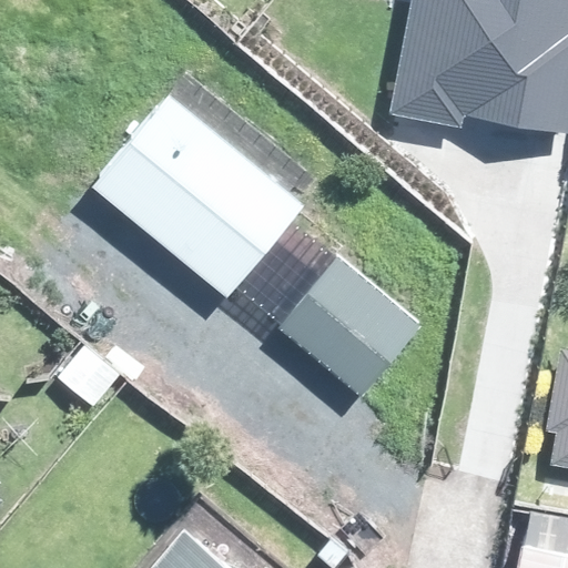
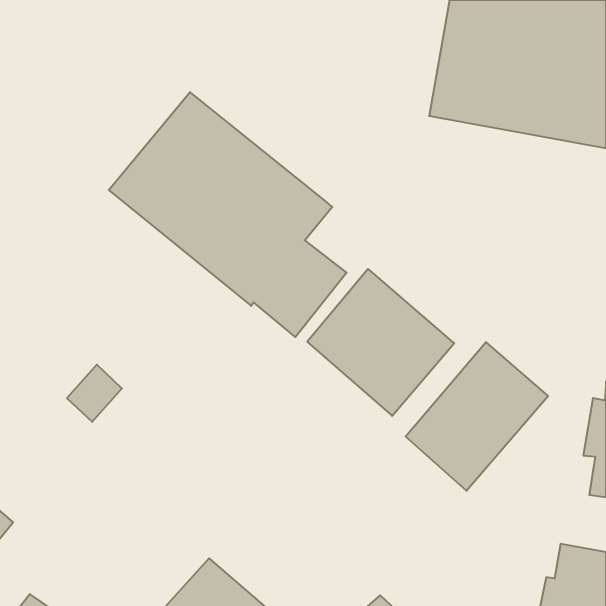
building: none -> [406,342,548,491]

